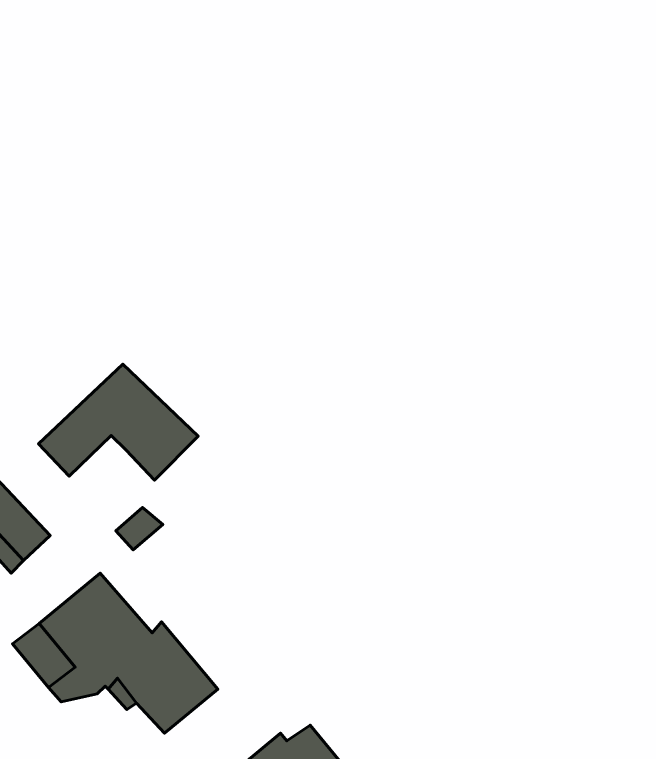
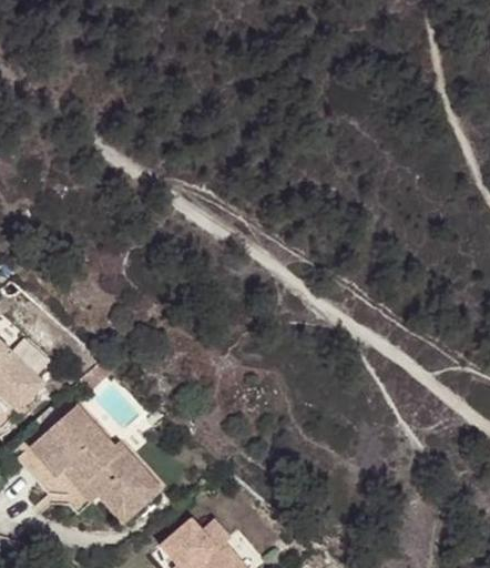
building: [38,364,198,480] -> none

